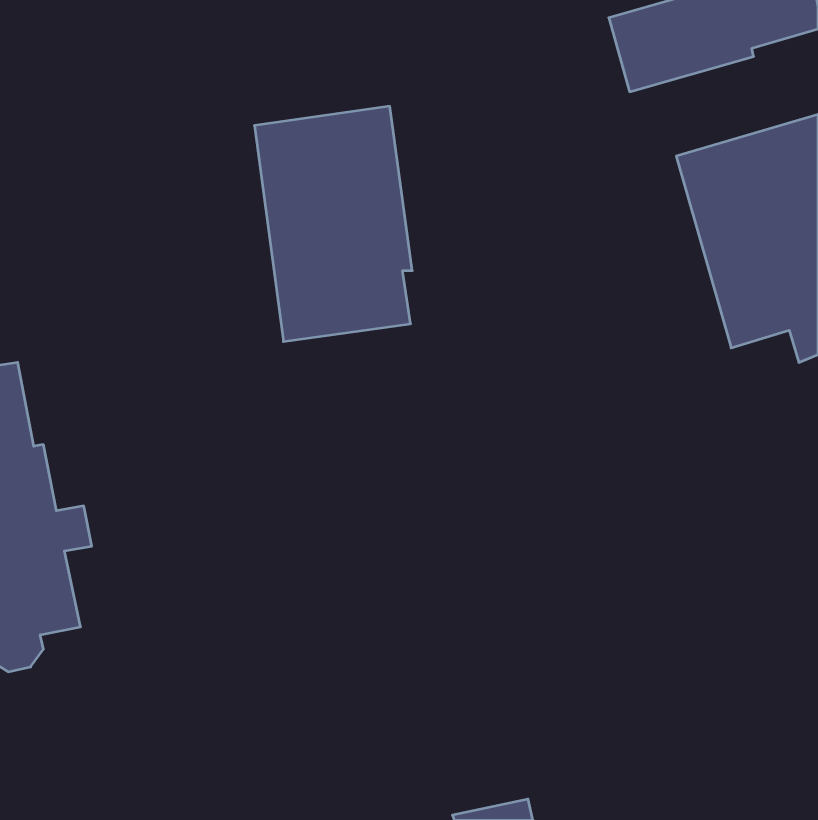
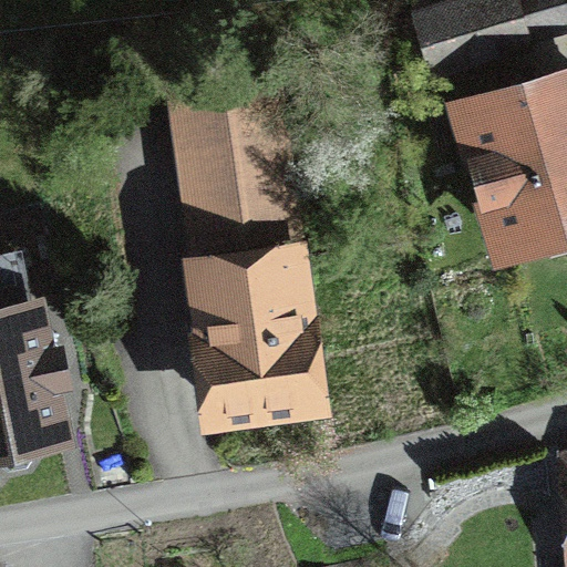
building: none -> [200,255,307,404]

